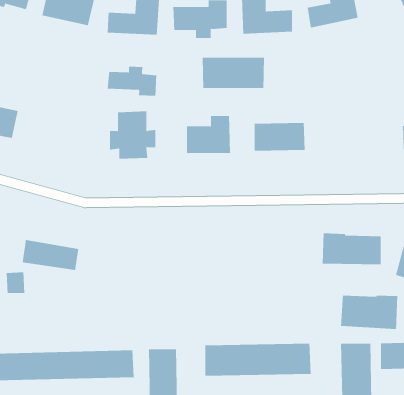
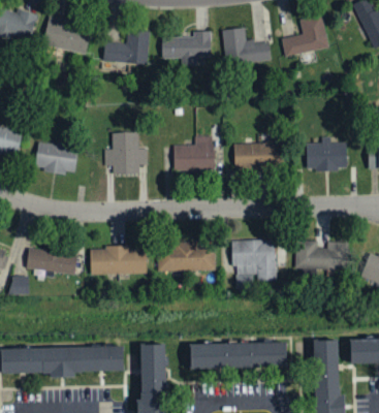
building: [202,57,264,89] -> none
building: [107,66,157,97] -> none
building: none -> [306,136,347,171]
building: none -> [36,141,77,174]
building: none -> [232,240,276,281]
building: none -> [158,244,215,272]
building: none -> [90,247,147,275]
building: [340,295,398,330] -> none

